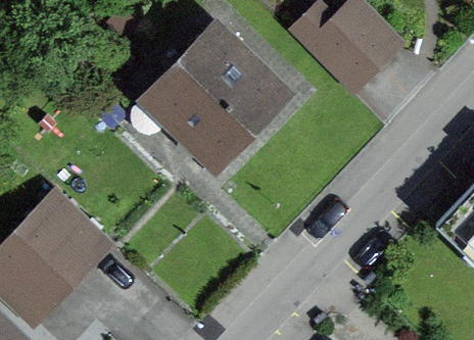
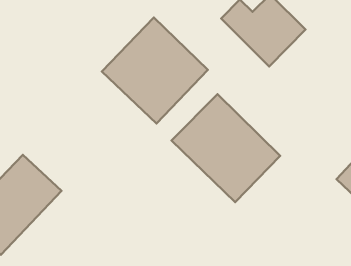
building: none -> [172,94,280,202]

